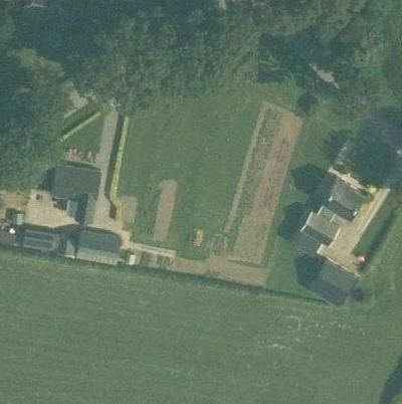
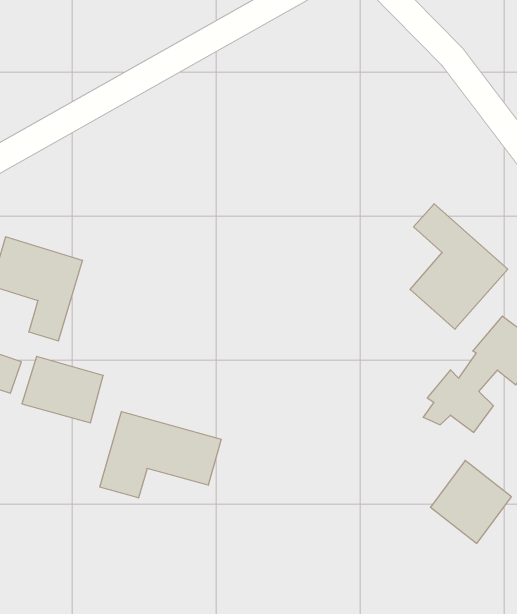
building: none -> [410,204,508,329]
building: none -> [100,412,221,498]

